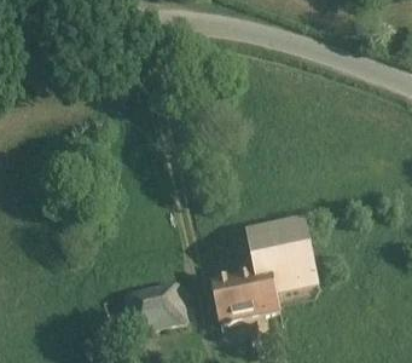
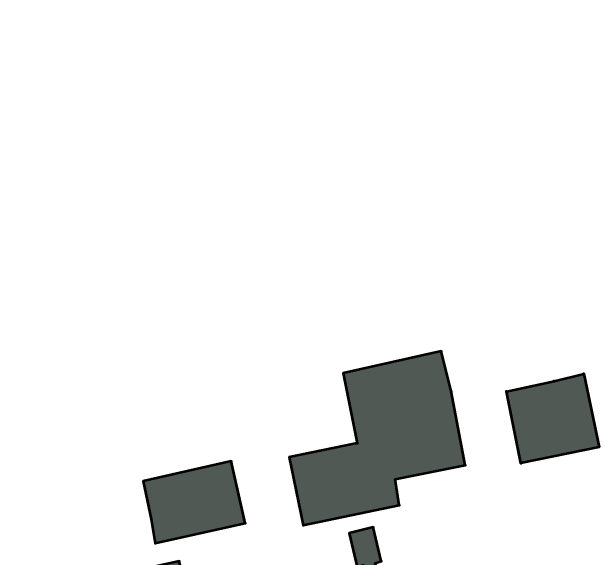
building: none -> [506,374,599,463]

